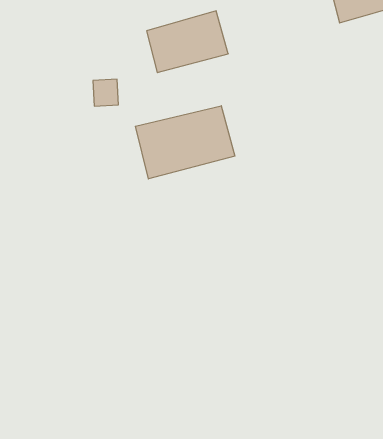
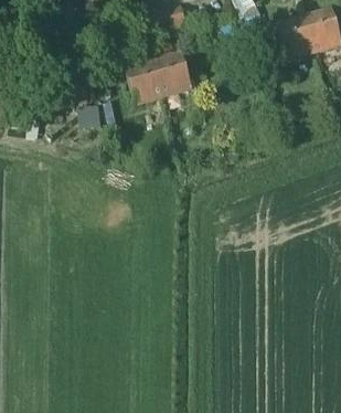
building: [135,106,235,179] -> none

